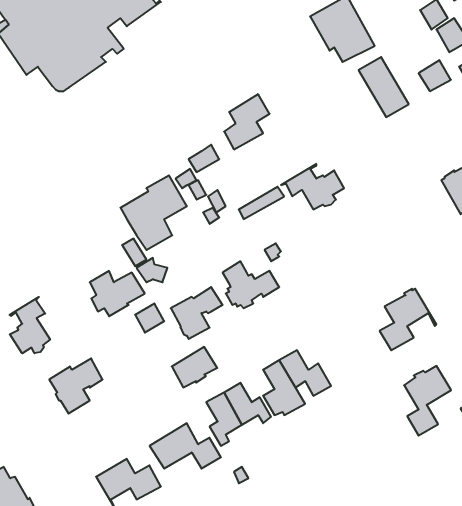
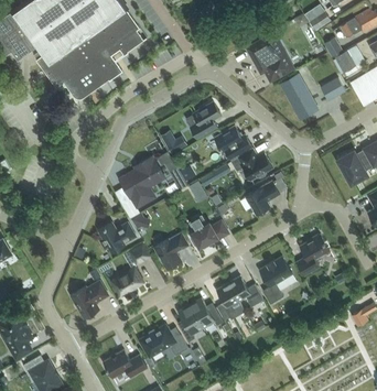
building: none -> [215,126,252,159]
building: none -> [246,181,281,215]
building: [10,297,50,353] -> none
building: [172,347,217,387] -> [112,268,143,295]
building: [404,366,451,436] -> [260,257,292,304]

